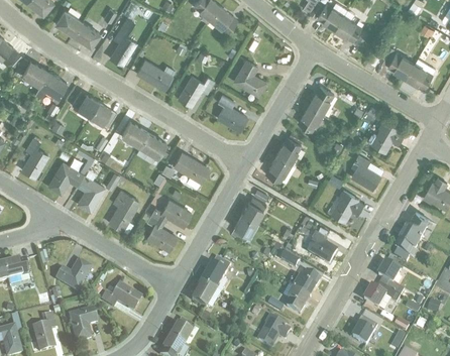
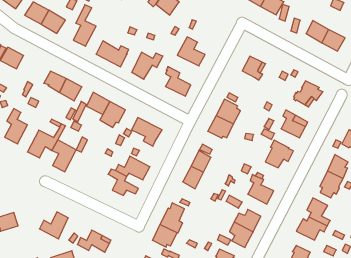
building: [33,72,66,99] -> none
building: [297,105,323,133] -> none
building: [106,190,139,233] -> none

